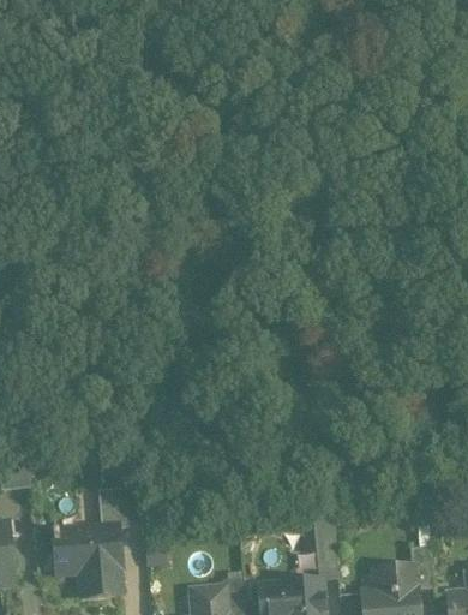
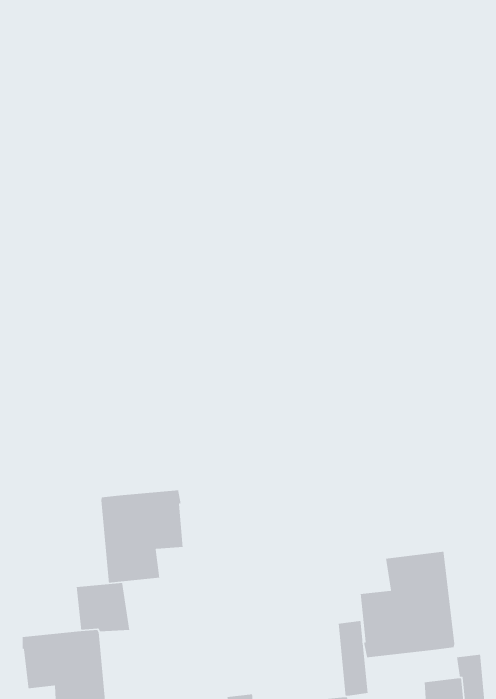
building: none -> [100,490,183,584]
building: none -> [360,551,455,658]

